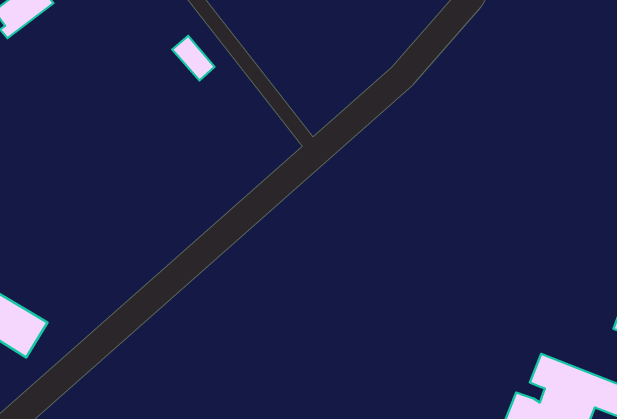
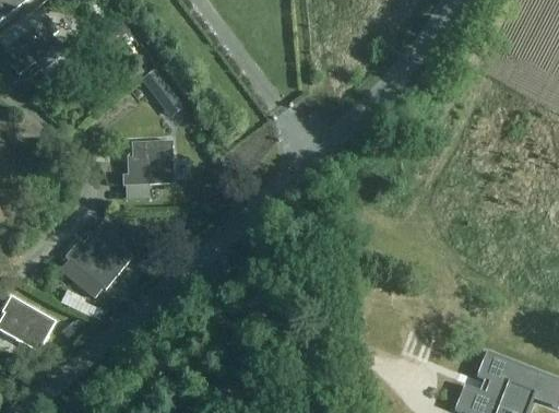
building: none -> [122,141,171,185]
building: none -> [62,226,131,291]

